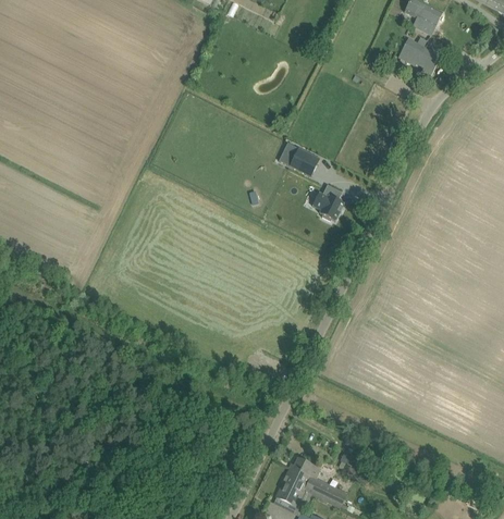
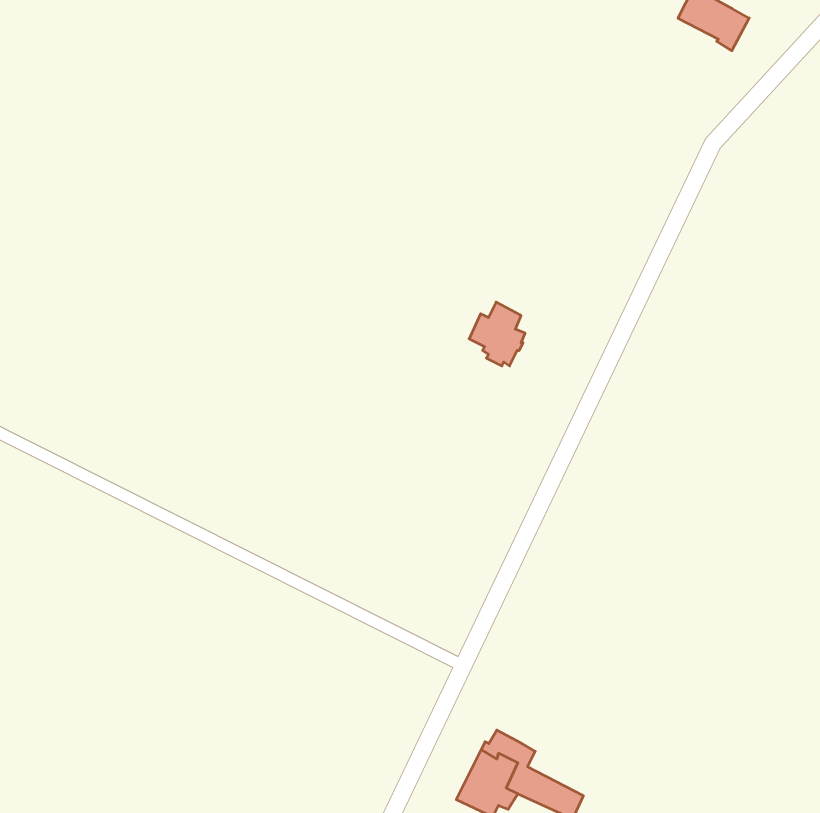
building: [278,143,319,176] -> none
building: [311,185,343,221] -> [469,302,525,366]

